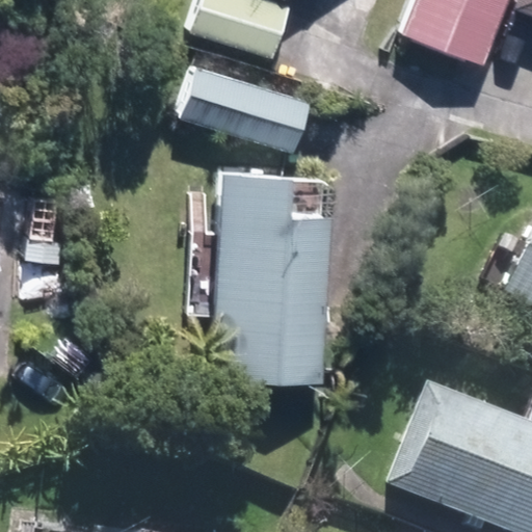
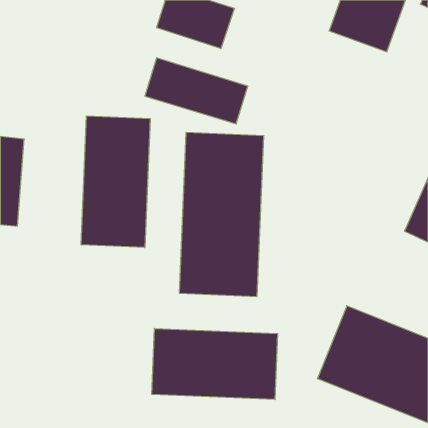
building: none -> [81,116,150,248]
building: none -> [152,328,278,400]

